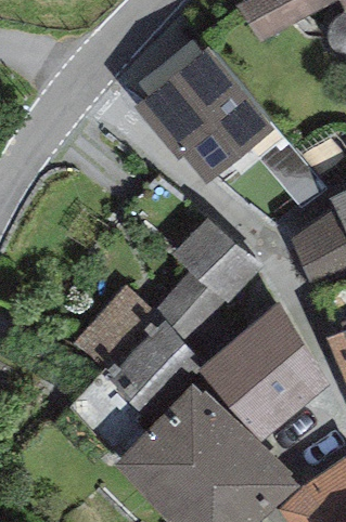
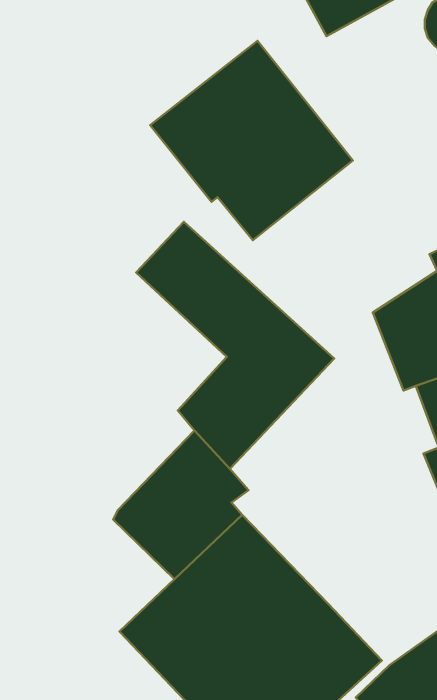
building: [73,285,165,378] -> none
building: [191,302,330,444] -> none

